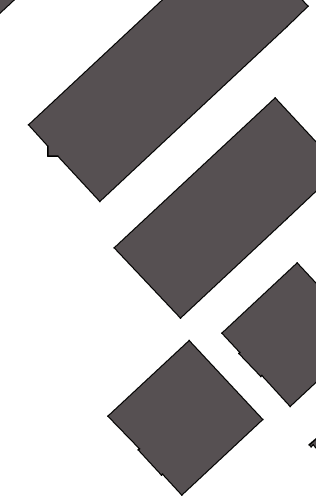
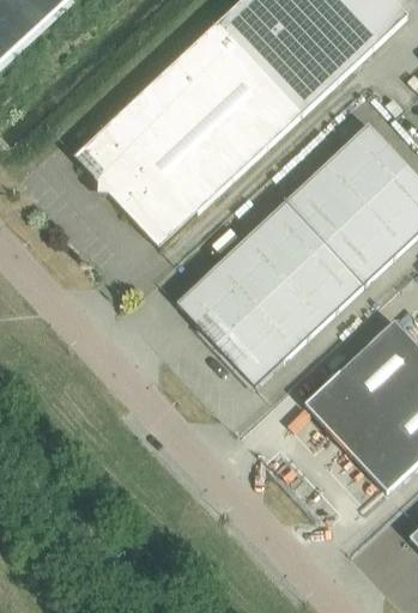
building: [108,340,263,495] -> none

